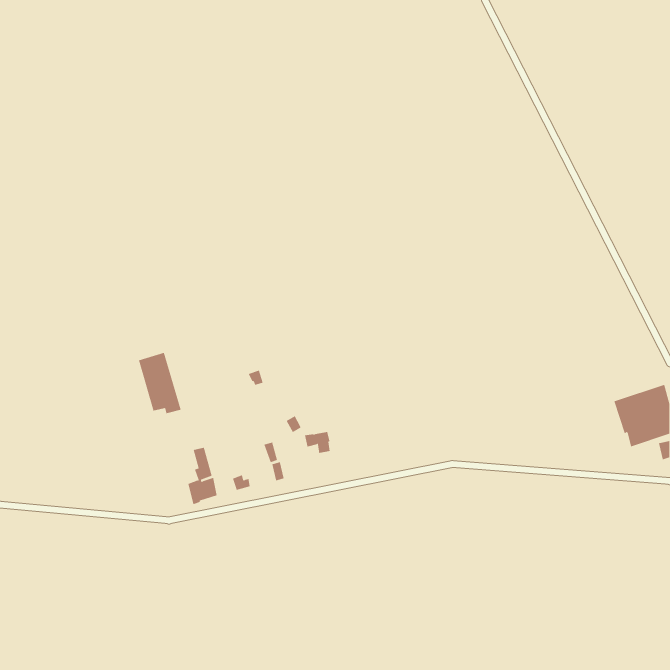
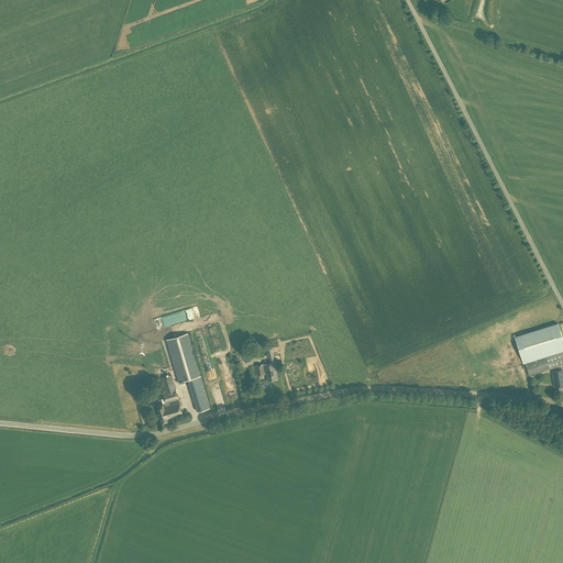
building: [138,352,182,414] -> [166,332,202,384]

